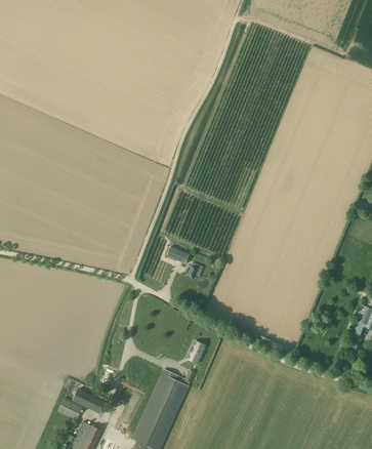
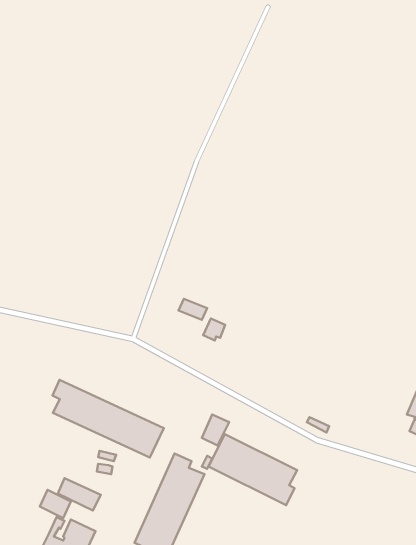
building: none -> [53,380,164,458]
building: none -> [208,434,297,505]

